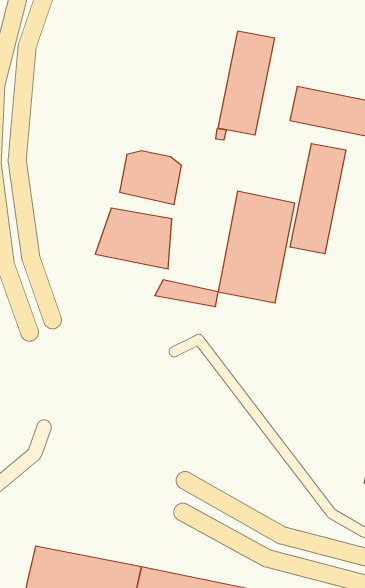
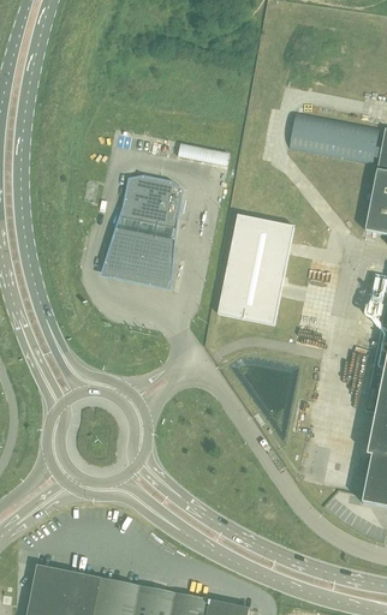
building: [218,31,275,135] -> none
building: [290,143,346,254] -> none
building: [155,280,218,307] -> [113,215,175,241]

